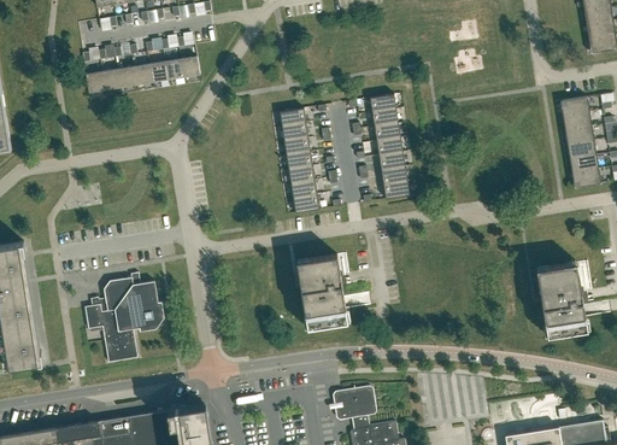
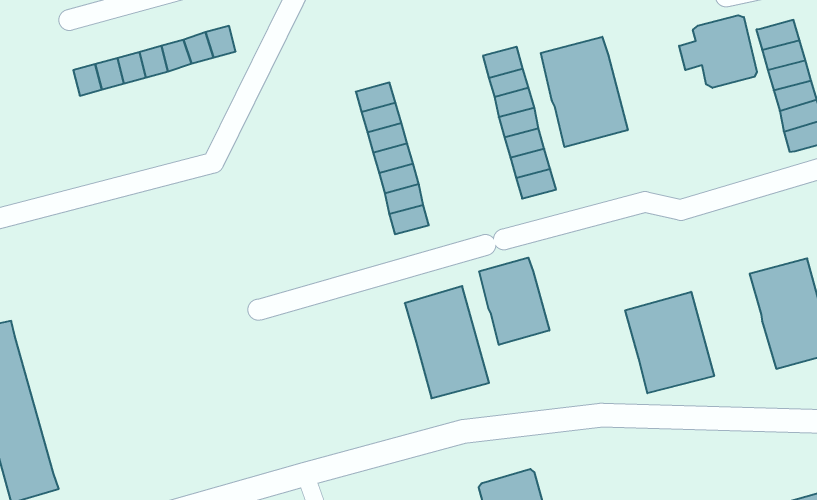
building: none -> [679,15,757,88]
building: none -> [541,37,628,147]
building: none -> [479,258,549,345]
building: [84,273,164,362] -> none
building: none -> [625,292,714,393]

